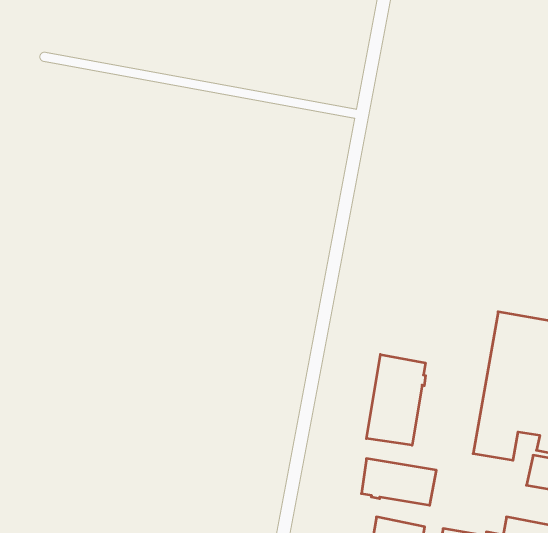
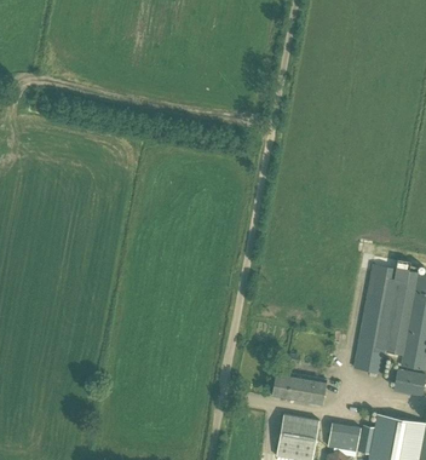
building: [366,354,426,445] -> none

